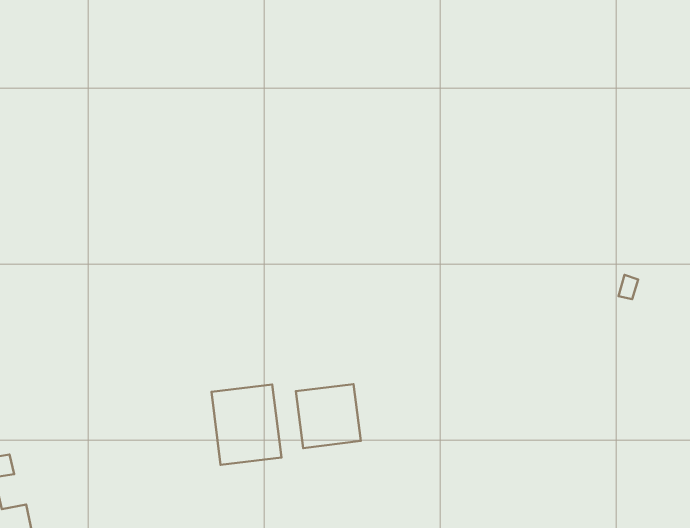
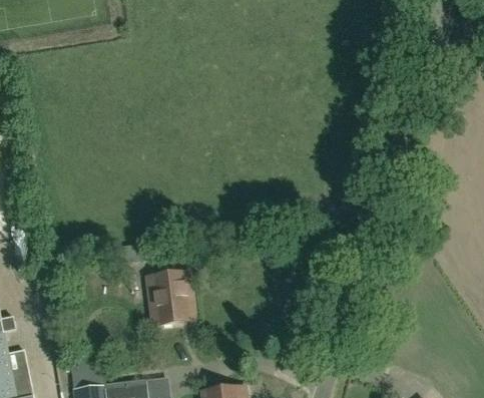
building: [296,384,361,448] -> none

